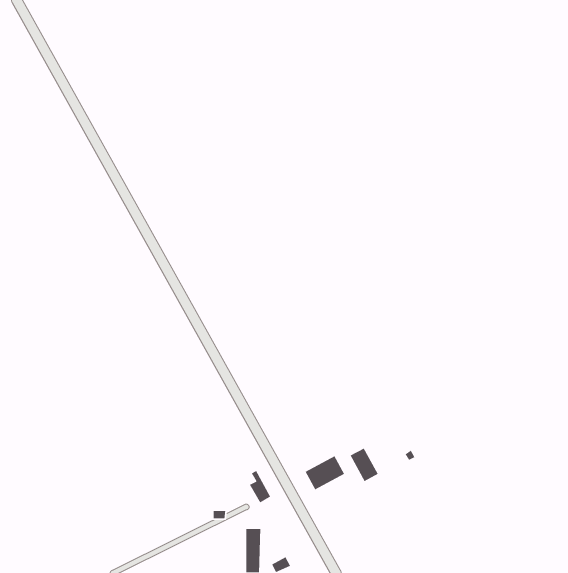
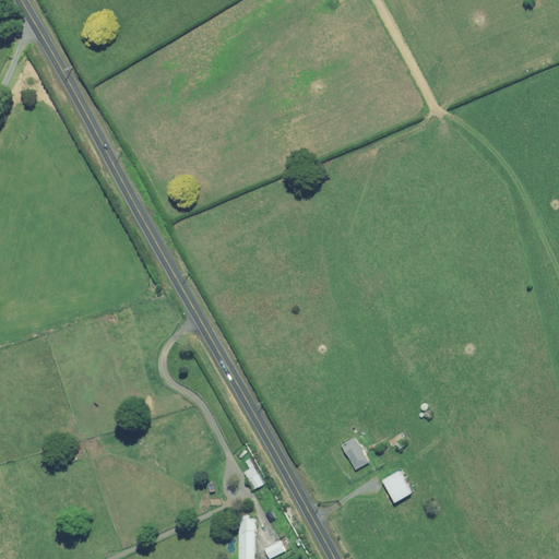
building: [304,455,345,491] -> none
building: none -> [382,471,412,502]

